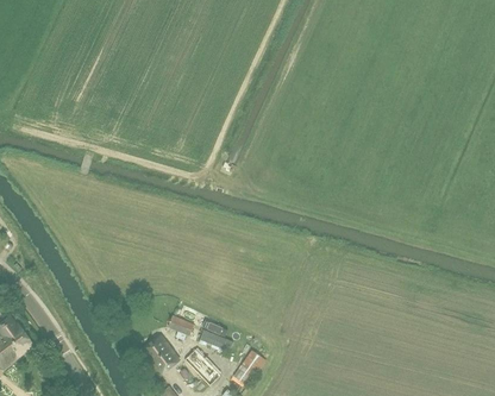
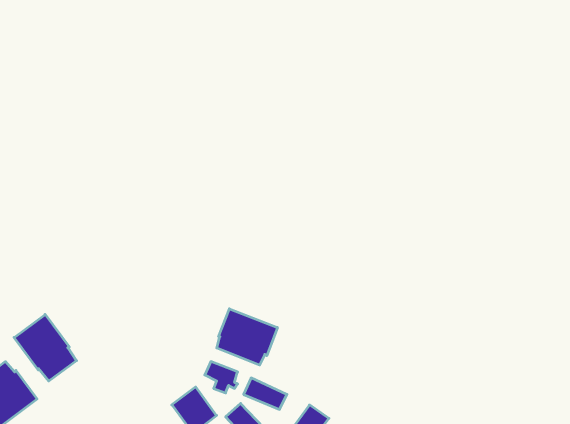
building: none -> [217,309,277,365]
building: none -> [14,314,77,381]

